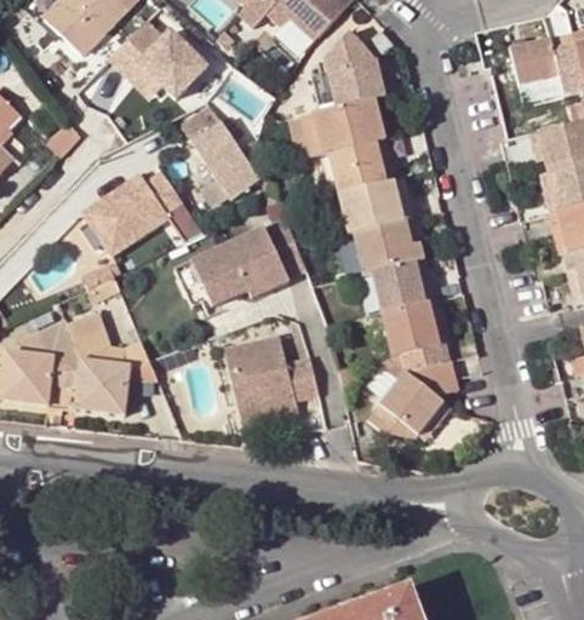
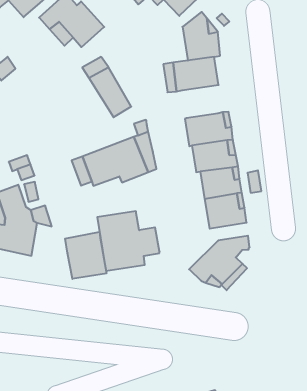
building: [332,137,390,190] -> none
building: [79,172,181,252] -> none
building: none -> [65,232,106,279]

